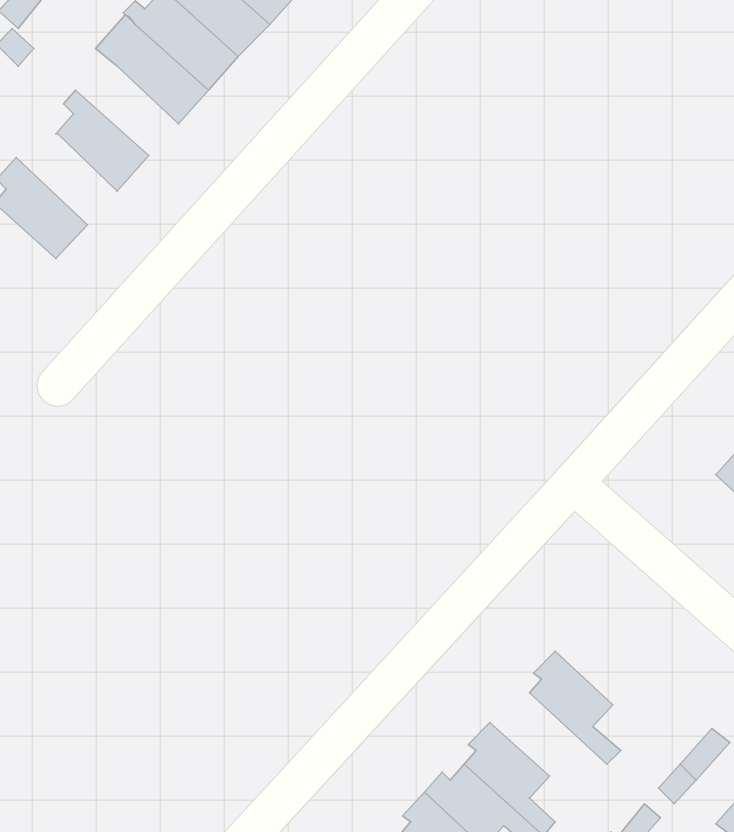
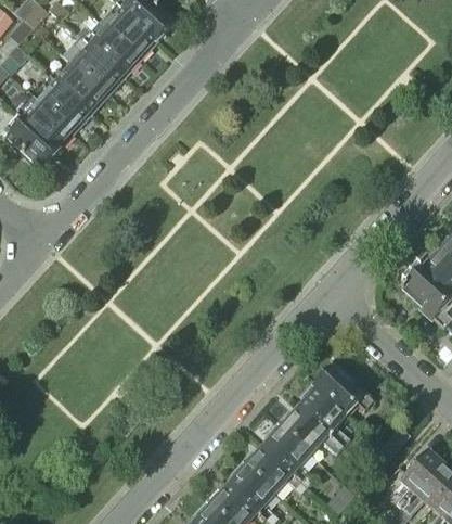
building: none -> [51,65,107,114]
building: none -> [18,102,74,152]
building: none -> [313,365,373,414]
building: none -> [277,408,341,453]

